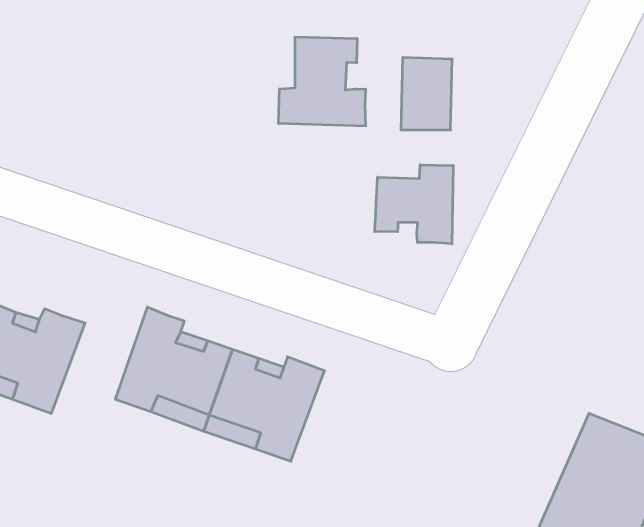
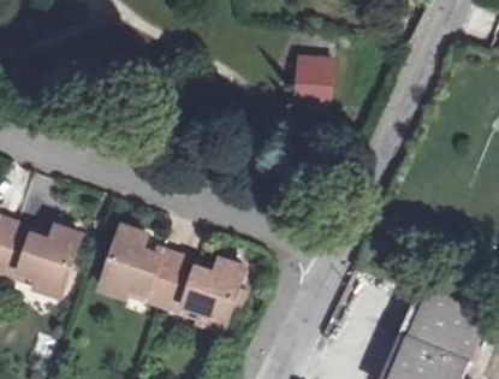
building: [279,37,366,126] -> none
building: [375,165,453,244] -> none

